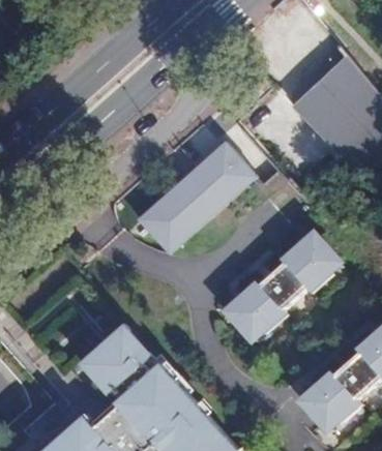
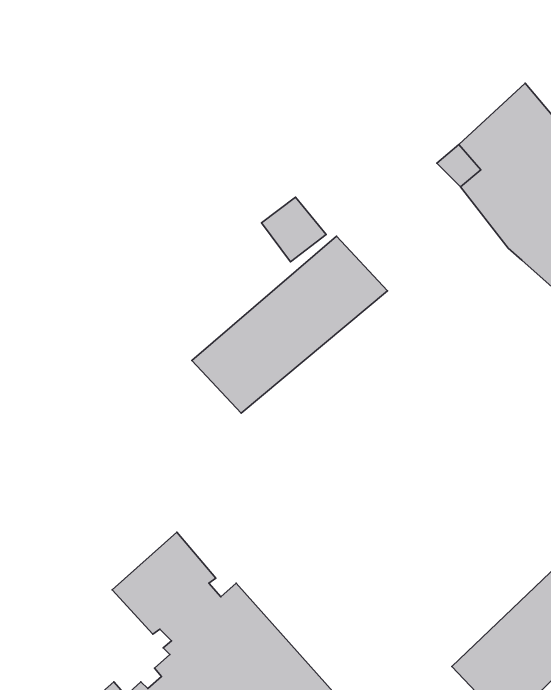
building: [215,229,341,345] -> none

